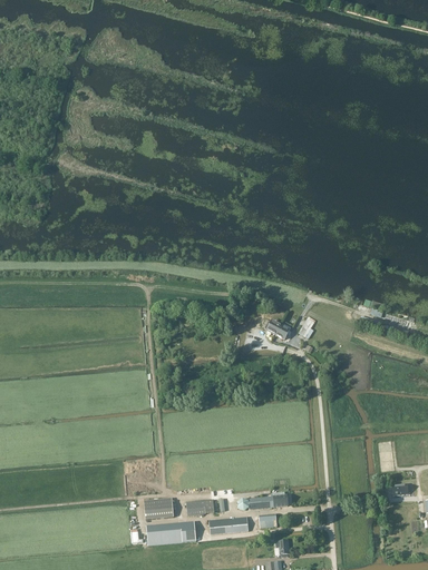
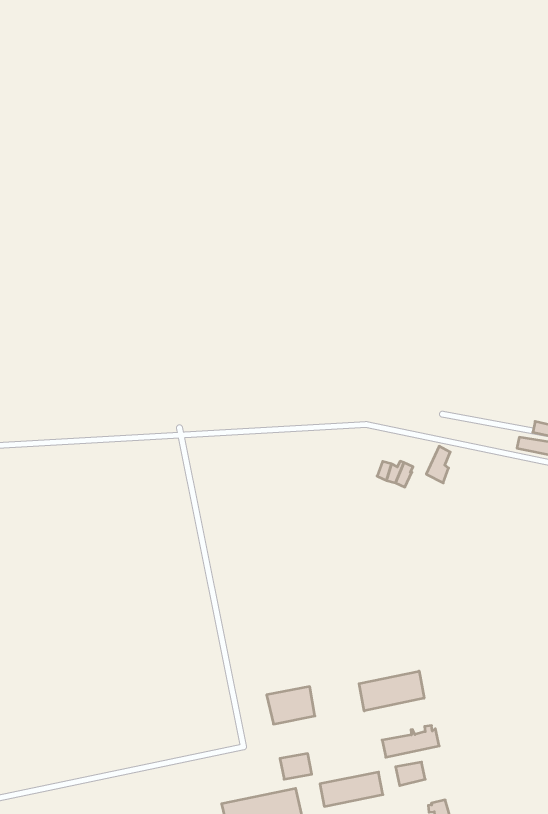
building: none -> [359,671,424,711]
building: [144,499,173,520] -> [267,687,315,724]

